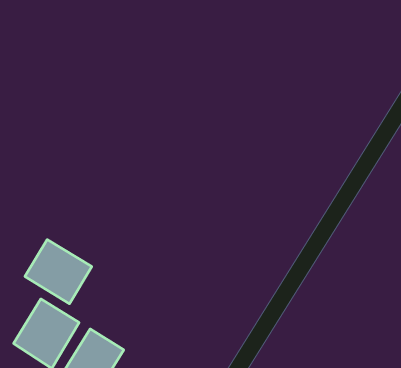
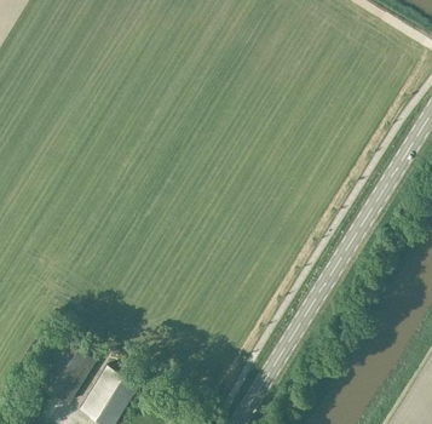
building: [25,239,92,304] -> none

